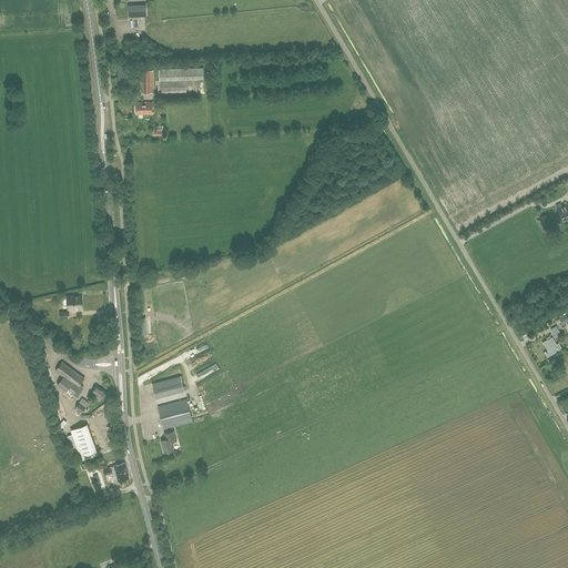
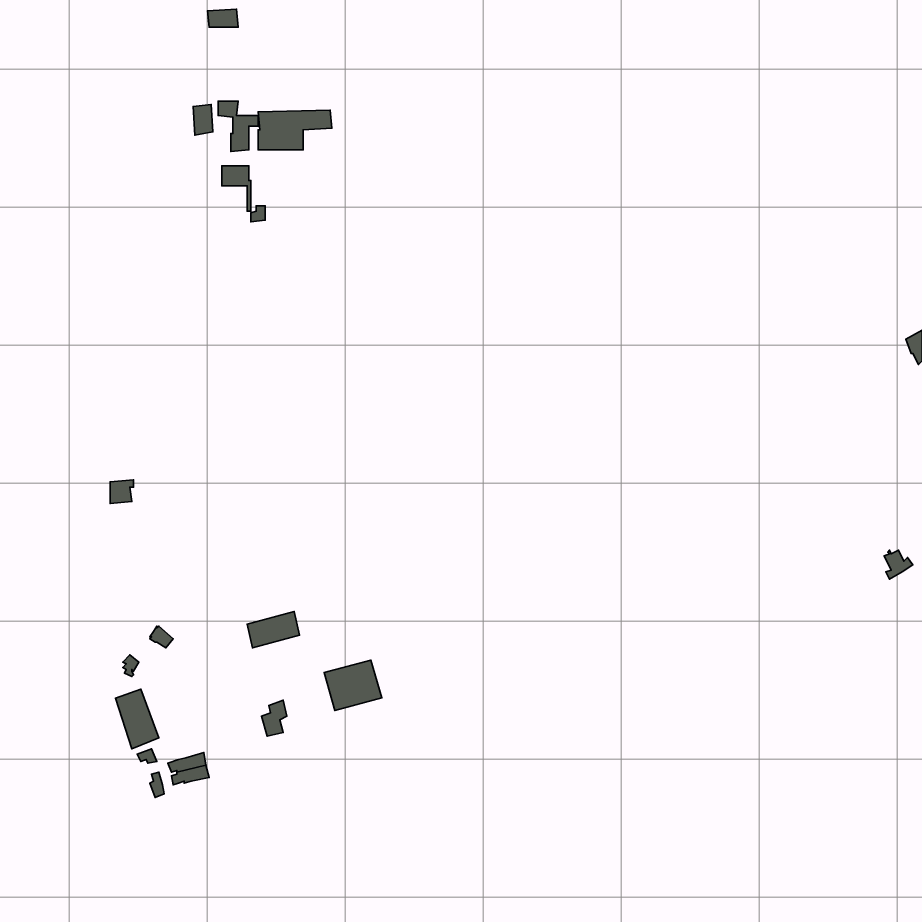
building: [55,362,84,397] -> none
building: [158,398,193,429] -> [324,660,382,711]

